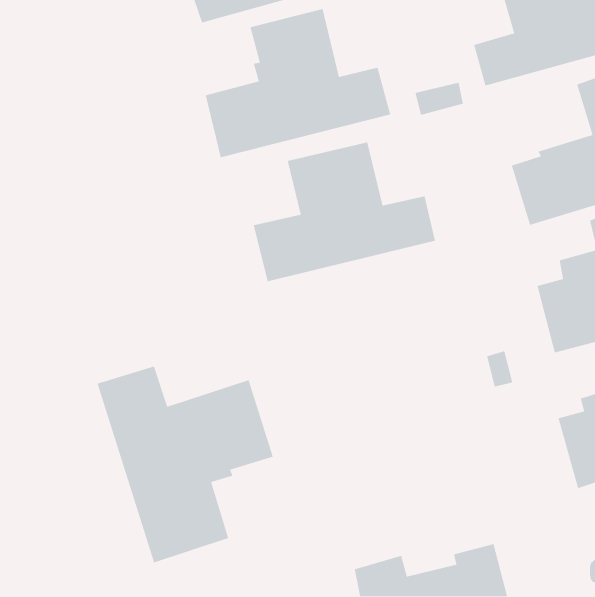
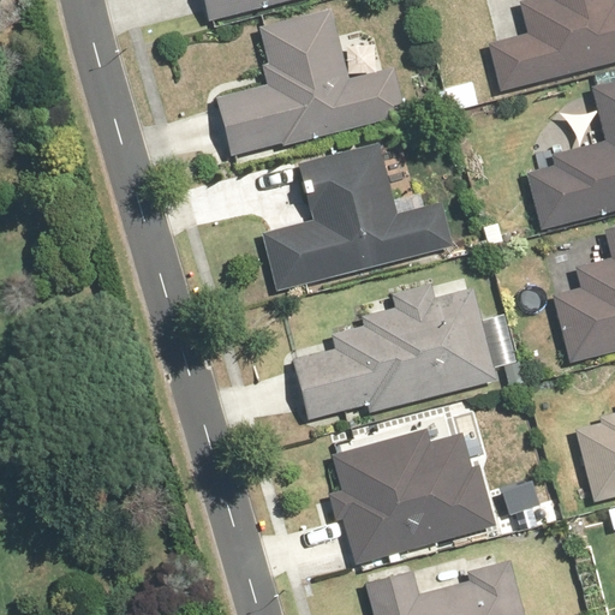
building: none -> [288,282,497,419]
building: [96,365,274,563] -> none
building: none -> [329,429,494,568]

